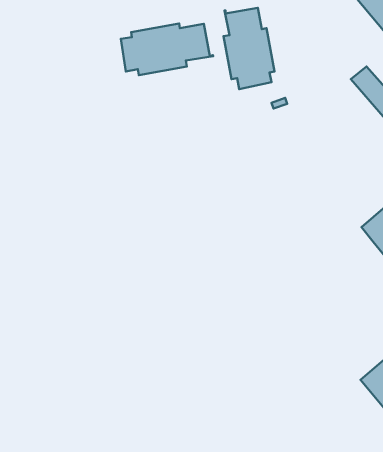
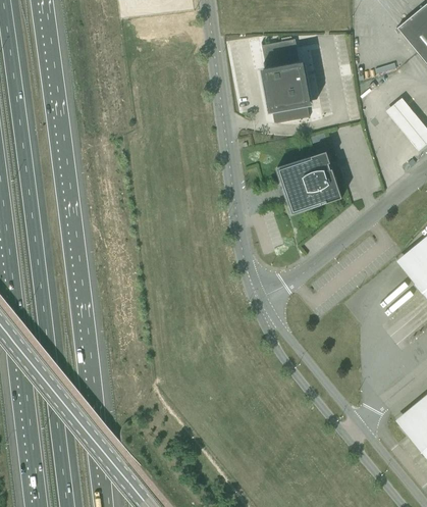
building: [121,23,213,75] -> none
building: none -> [276,151,342,214]

